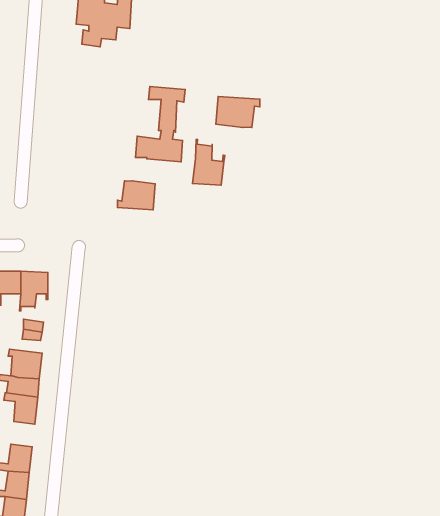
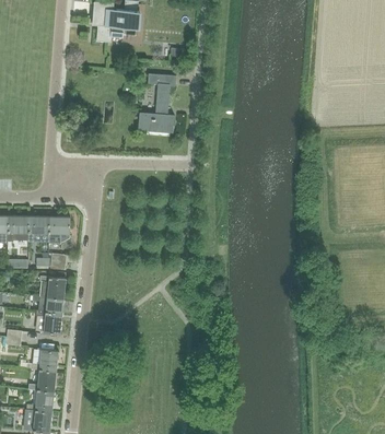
building: [216,96,260,128] -> none
building: [193,139,225,185] -> none
building: [117,181,155,210] -> none

